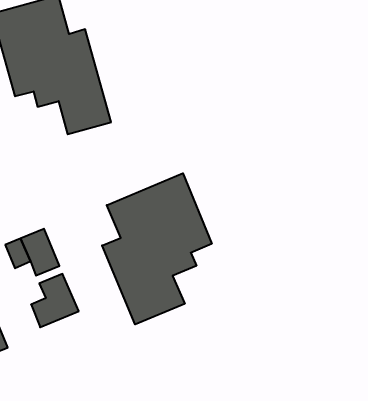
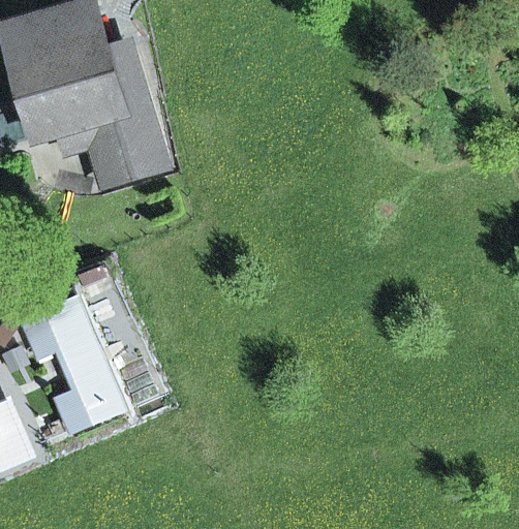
building: [102,173,212,324] -> none

